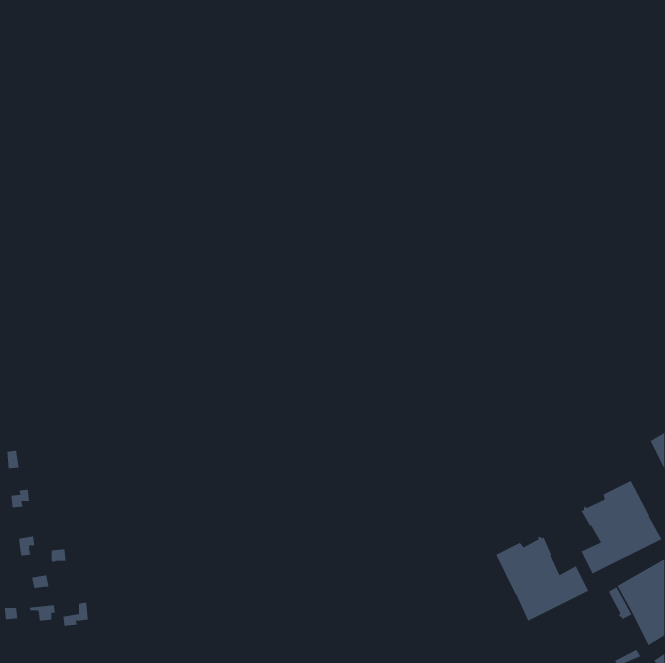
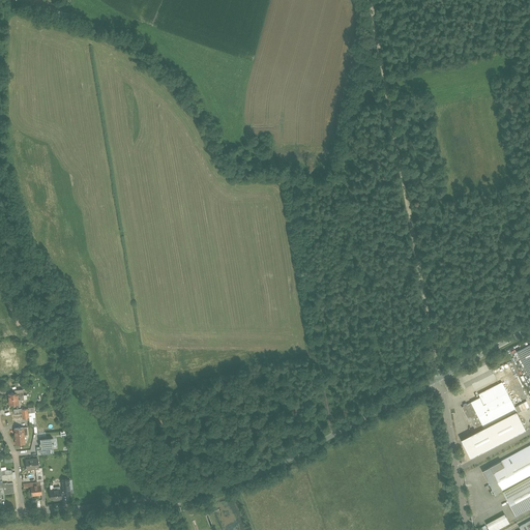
building: [495,536,589,622] -> none

